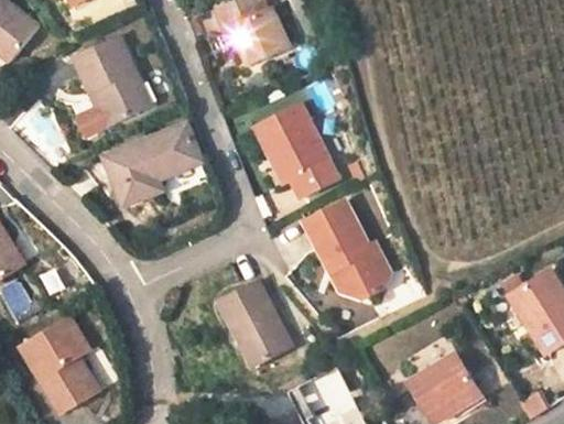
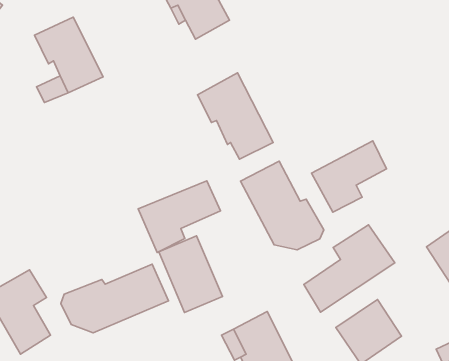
building: [107,127,198,206] -> [138,181,221,252]
building: none -> [312,141,386,212]
building: none -> [304,225,395,312]
building: none -> [61,264,169,333]

